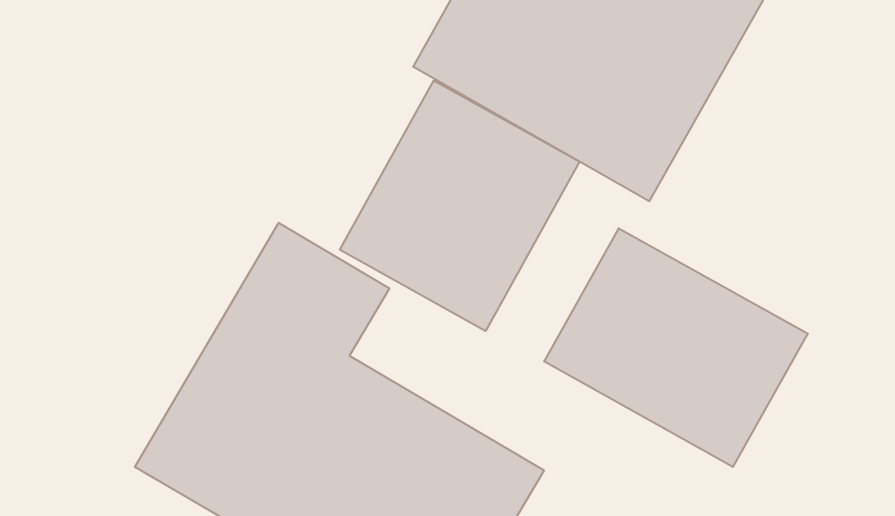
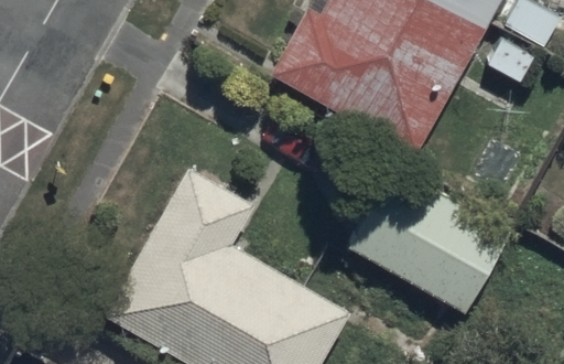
building: [340,80,580,331] -> none

